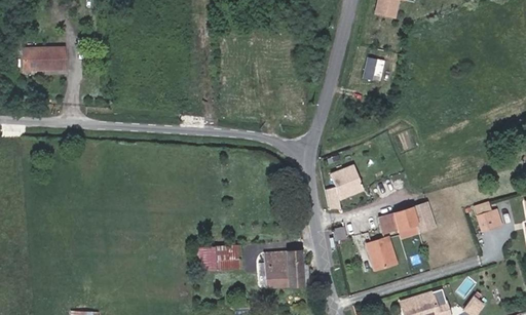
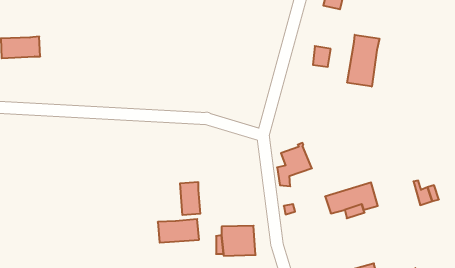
building: none -> [347,35,379,87]
building: none -> [180,182,200,215]
building: [368,240,400,275] -> none

